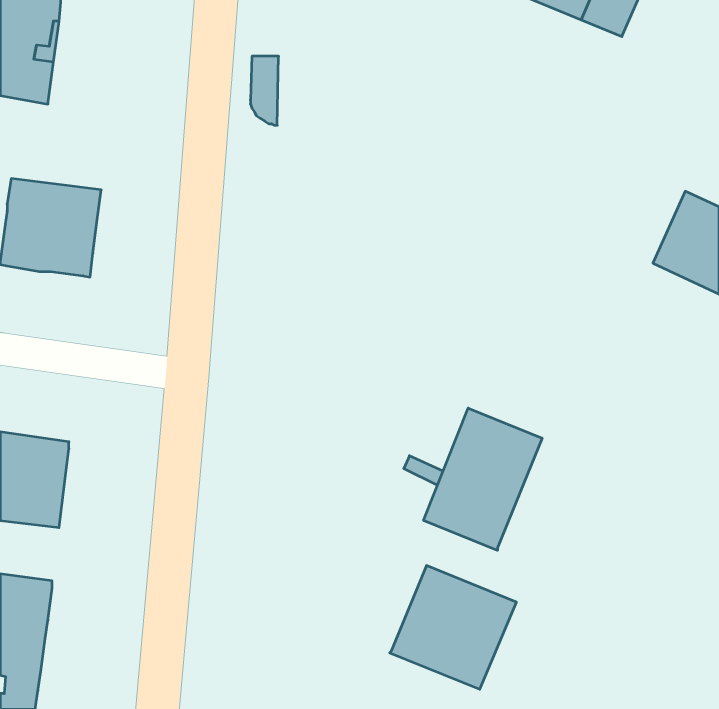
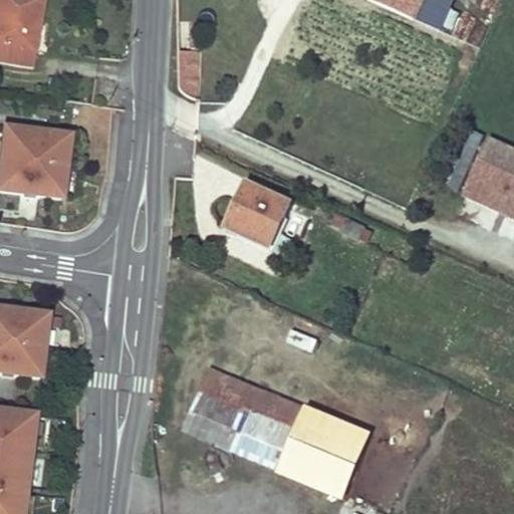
building: none -> [229,180,290,243]
building: [424,408,542,550] -> none
building: none -> [186,365,304,465]

